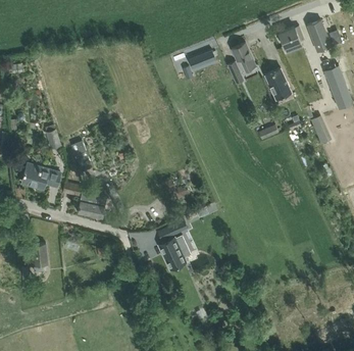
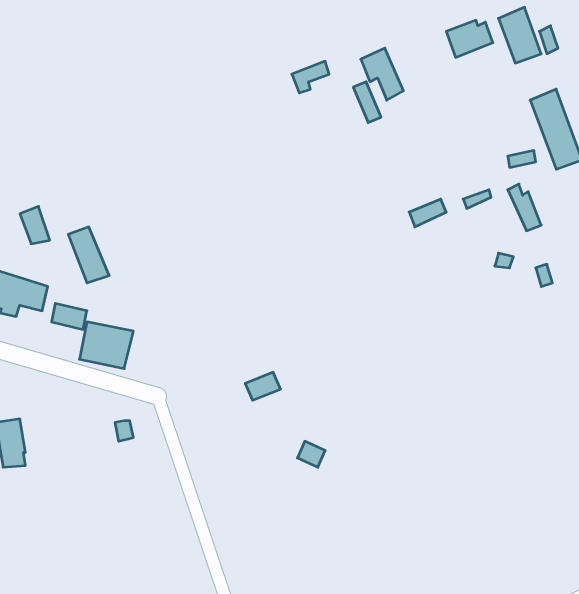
building: [266,68,290,98] -> none
building: [157,237,190,269] -> none

